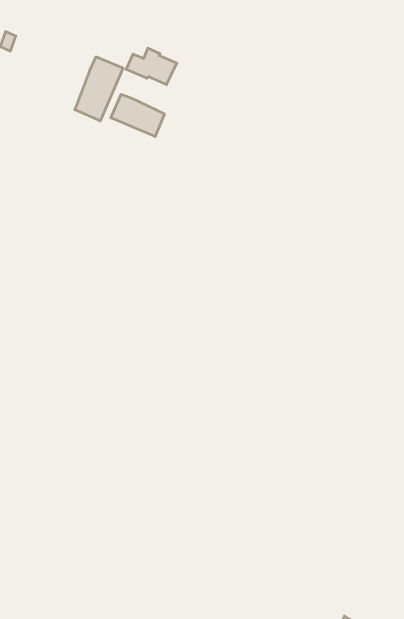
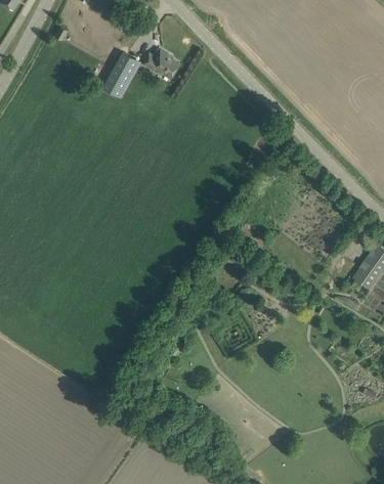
building: [111,94,164,137] -> none

